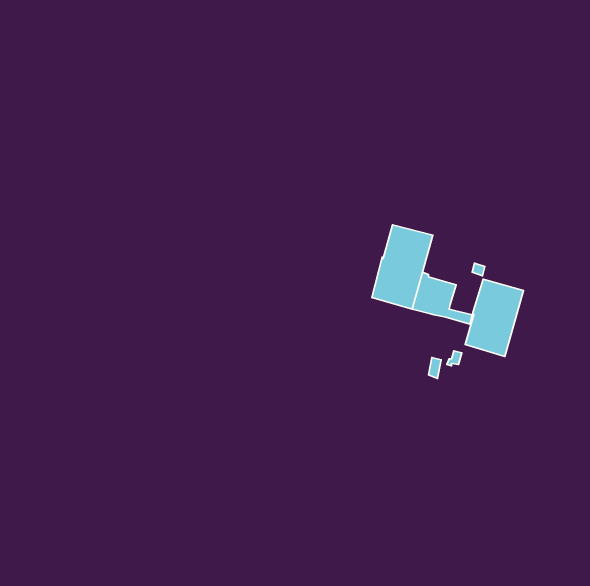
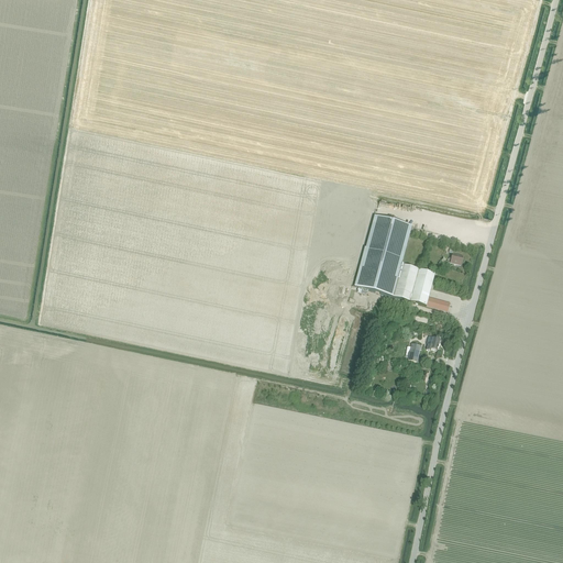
building: [465,279,523,356] -> none

